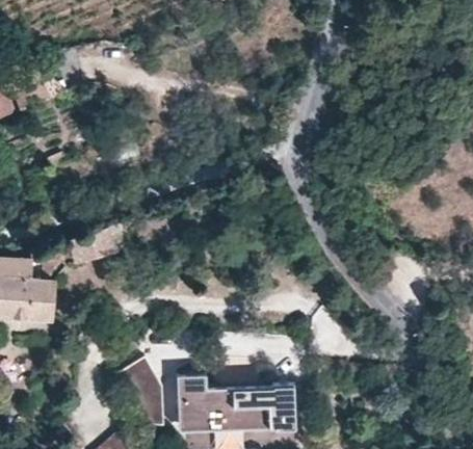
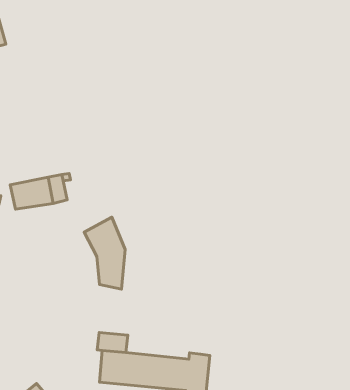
building: [119,359,163,430] -> [84,217,125,289]

